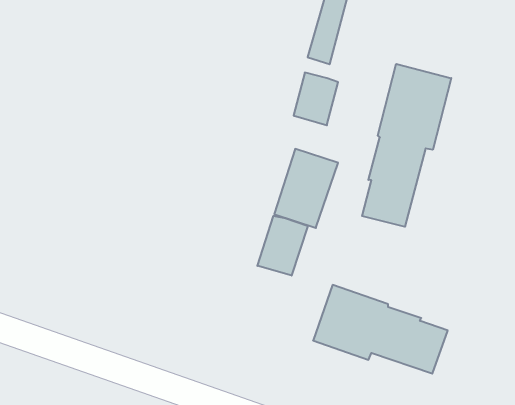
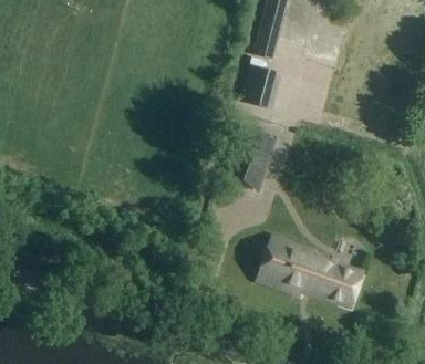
building: [362,64,451,227] -> none
building: [257,216,308,276] -> none

